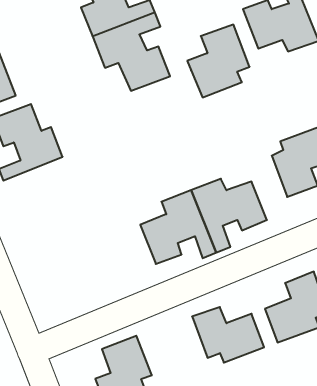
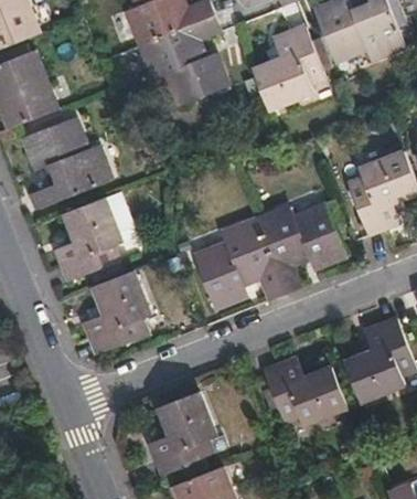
building: none -> [58,198,124,282]
building: none -> [86,269,152,351]

